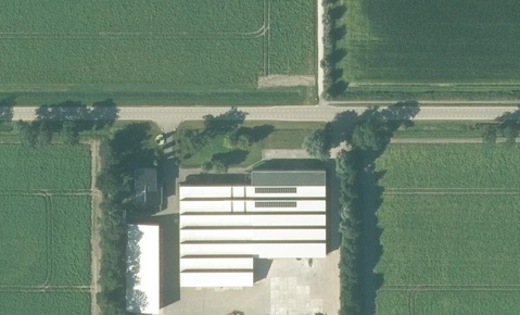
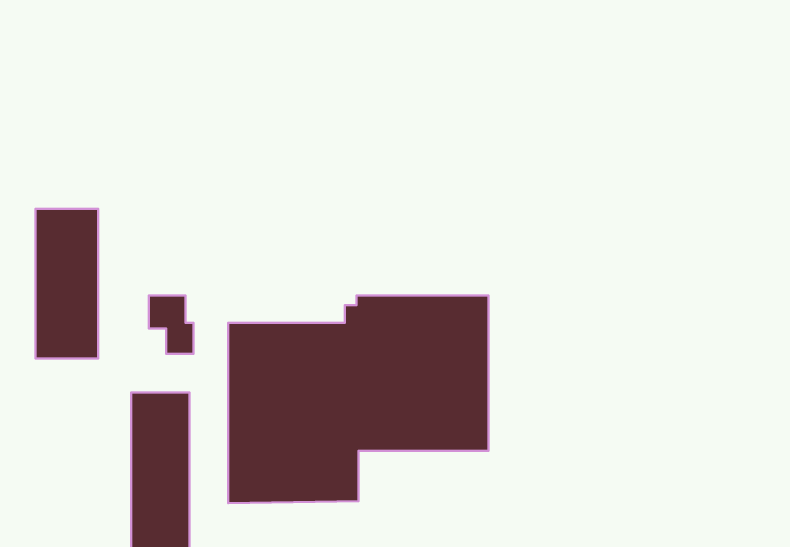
building: none -> [35,209,98,359]

